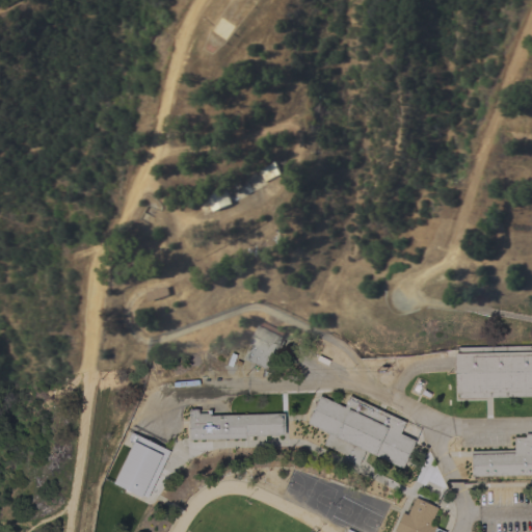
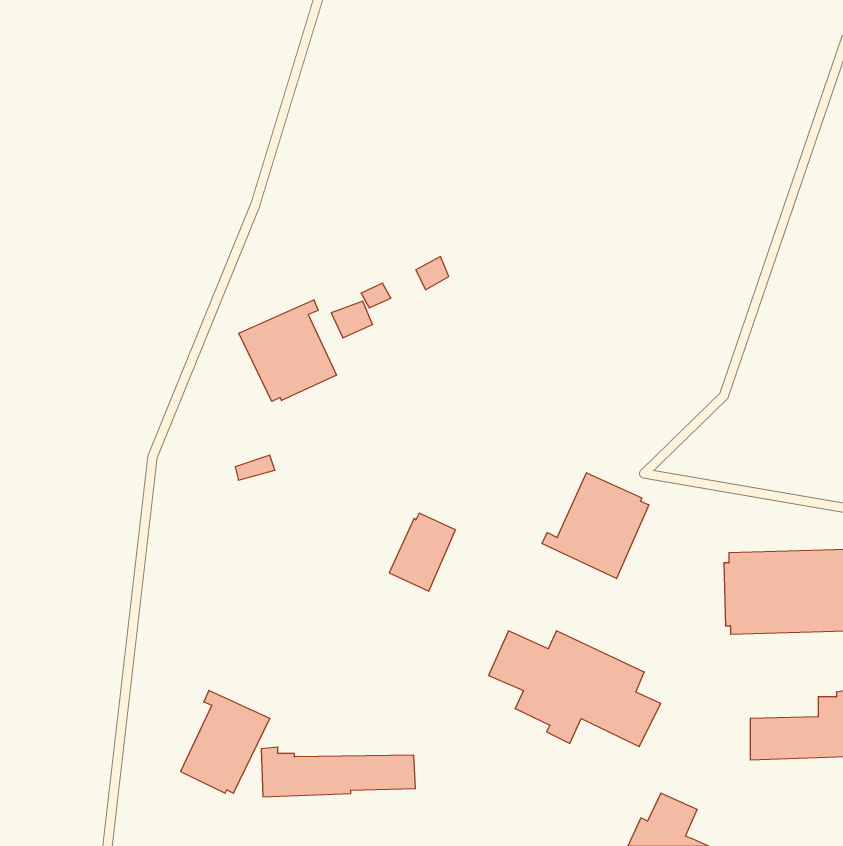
building: none -> [239,300,336,401]
building: none -> [542,473,649,579]
building: [190,409,287,441] -> [261,747,415,797]

